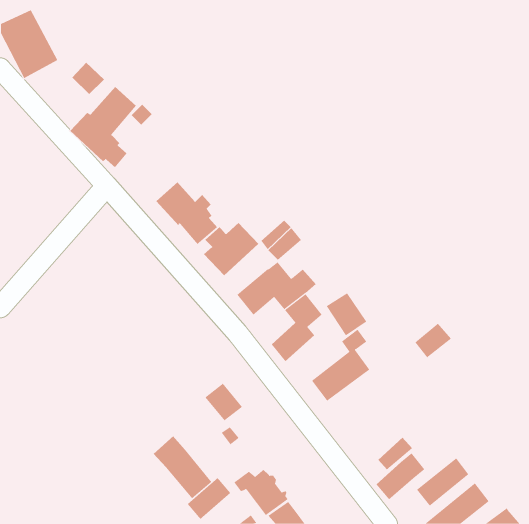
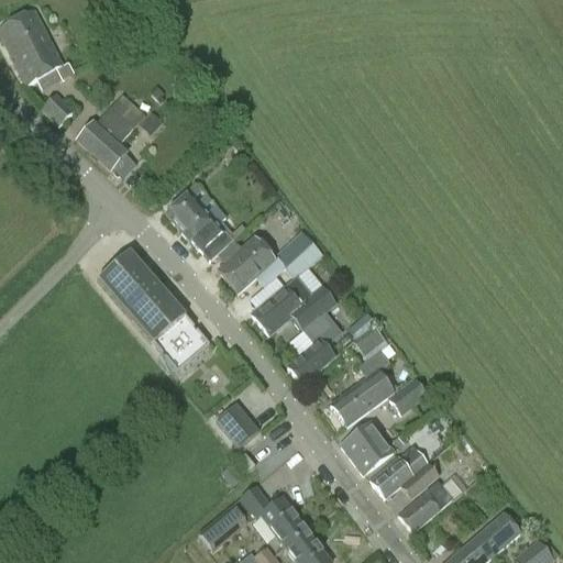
building: [72,62,105,95] -> [41,90,76,125]
building: none -> [98,251,210,371]
building: [414,323,452,358] -> [388,377,428,415]
building: none -> [340,423,394,473]
building: [153,436,212,499] -> none
building: [416,458,469,506] -> [371,444,427,496]

